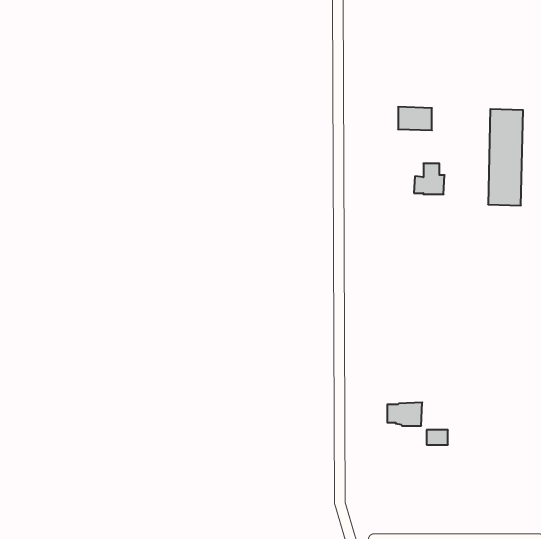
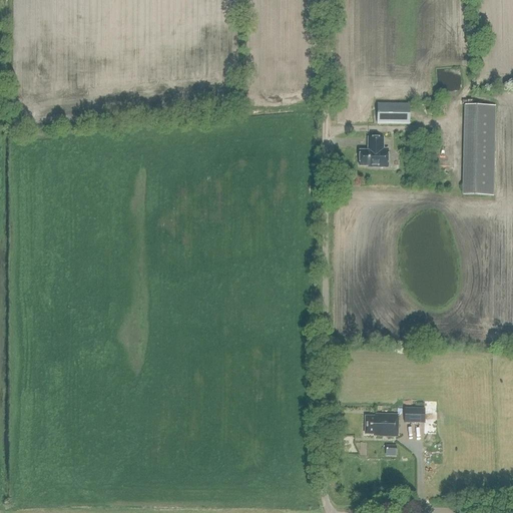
building: [414,163,445,194] -> [359,136,388,165]
building: [387,402,422,426] -> [365,413,398,435]

